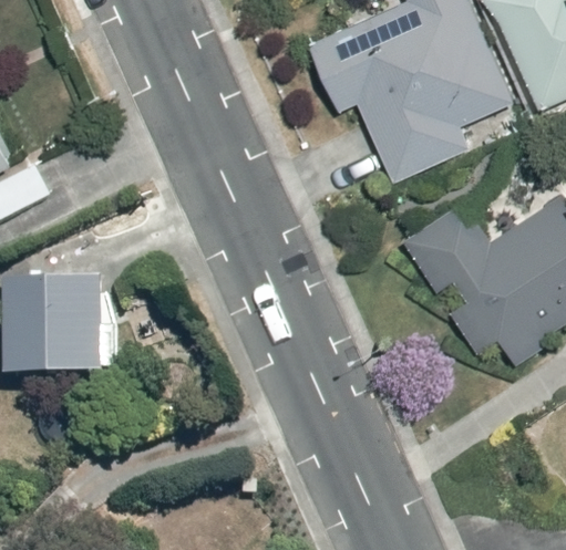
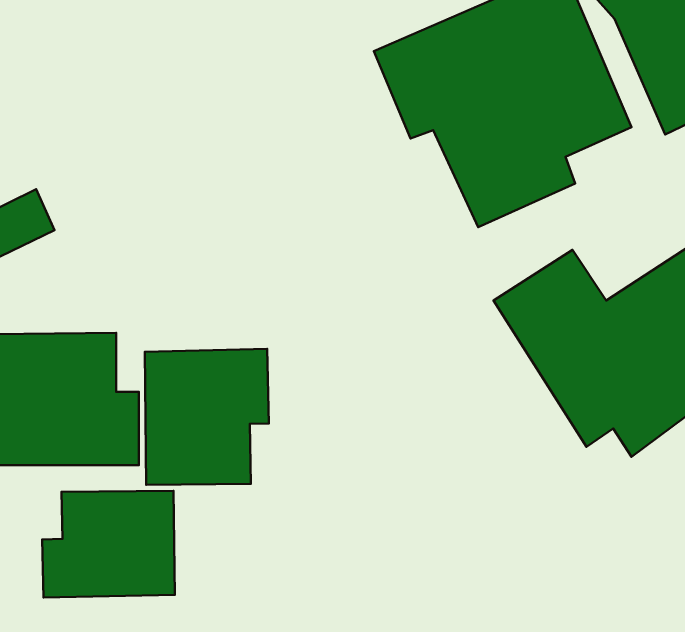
building: none -> [145,349,269,485]
building: none -> [42,491,175,598]

